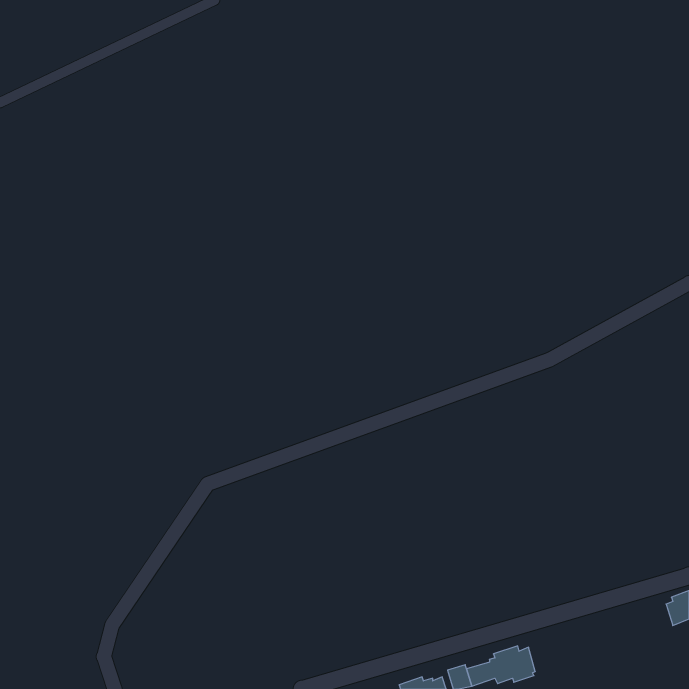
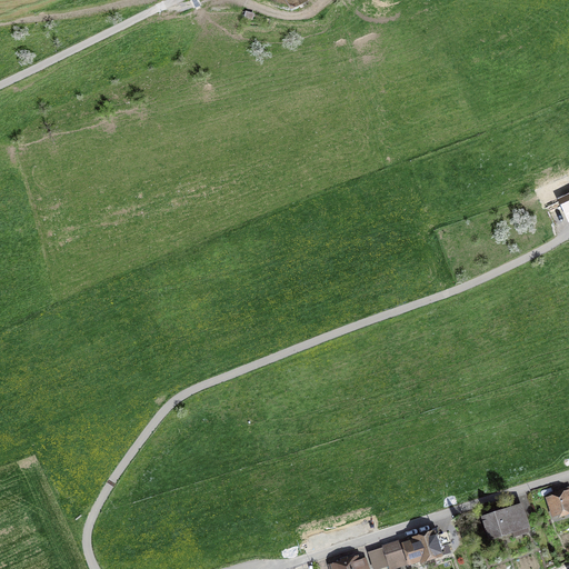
building: none -> [483,507,529,538]

